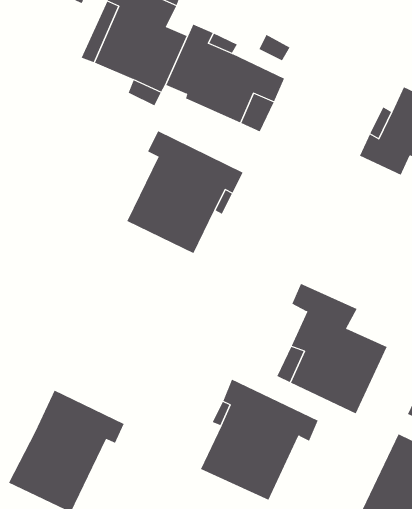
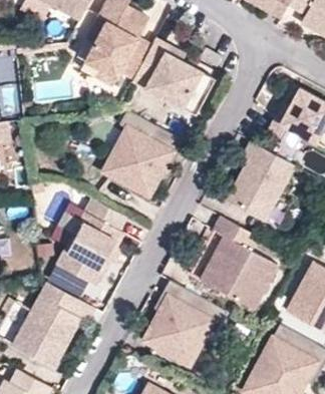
building: none -> [226,141,295,222]
building: none -> [55,196,125,284]

